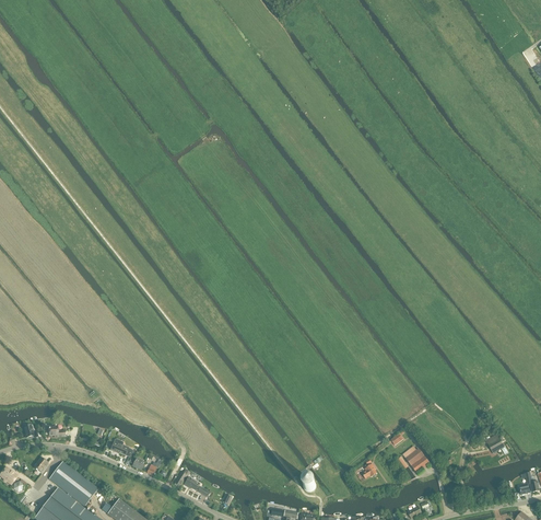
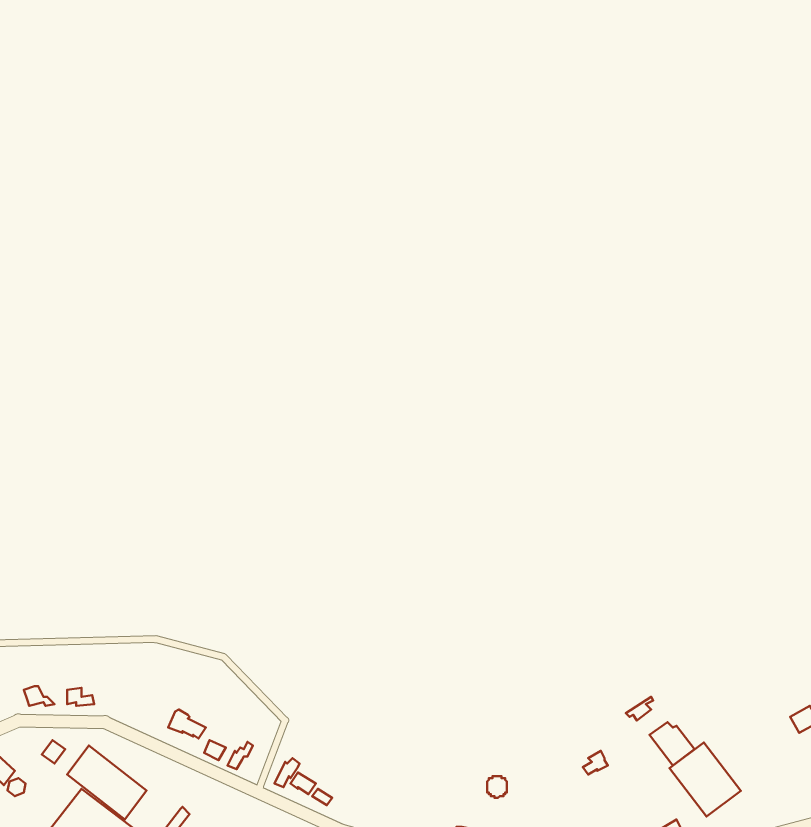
building: none -> [669,742,741,816]

